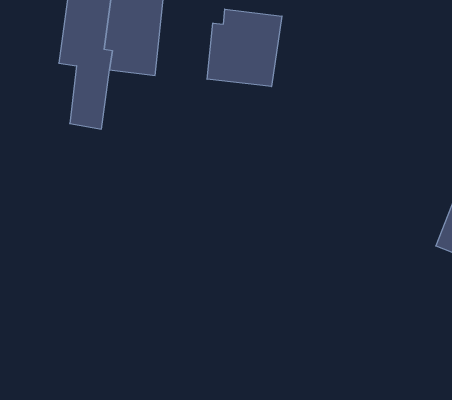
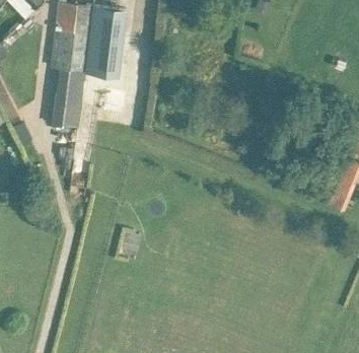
building: [207,9,282,87] -> none

